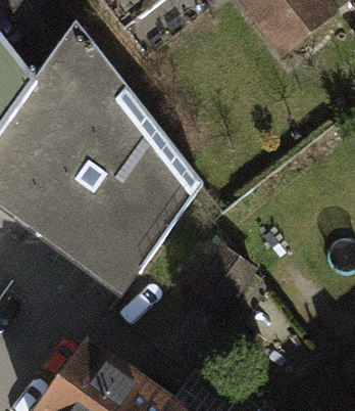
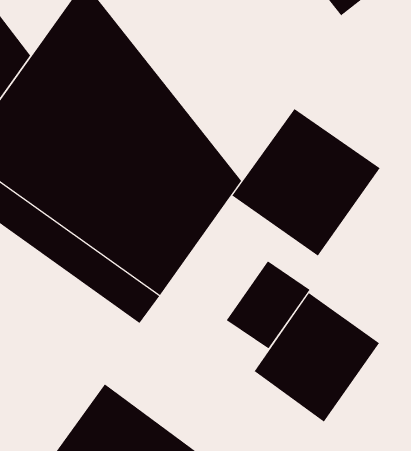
building: none -> [232,108,381,256]
building: none -> [254,292,380,422]

